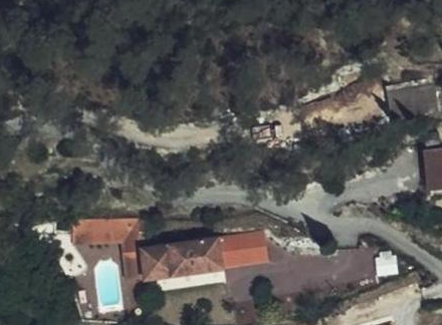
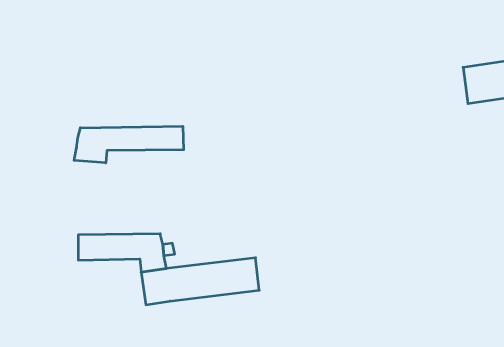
building: none -> [74,126,184,163]
building: [227,233,265,262] -> none

